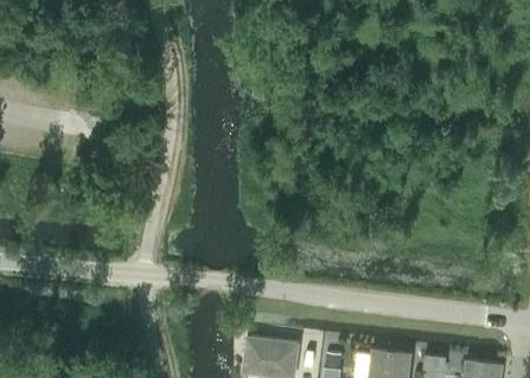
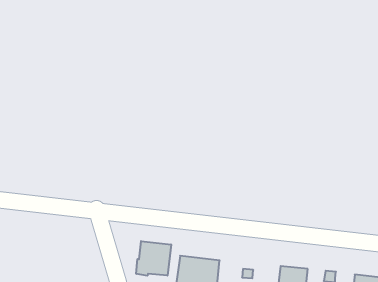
building: none -> [136,241,171,276]

